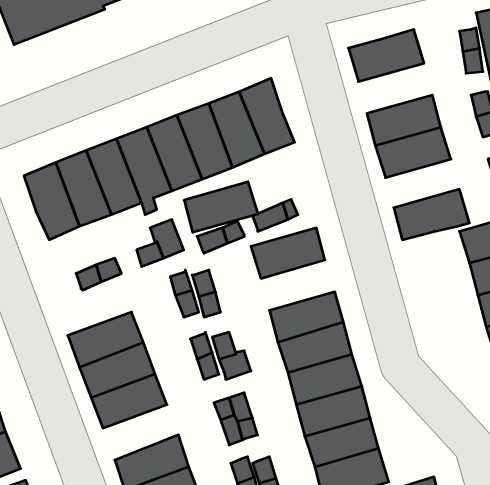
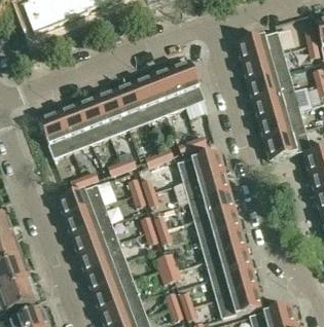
building: none -> [243,50,288,81]
building: none -> [259,109,304,139]
building: [184,182,258,232] -> [183,171,228,202]
building: none -> [58,183,108,217]
building: none -> [86,259,133,293]

